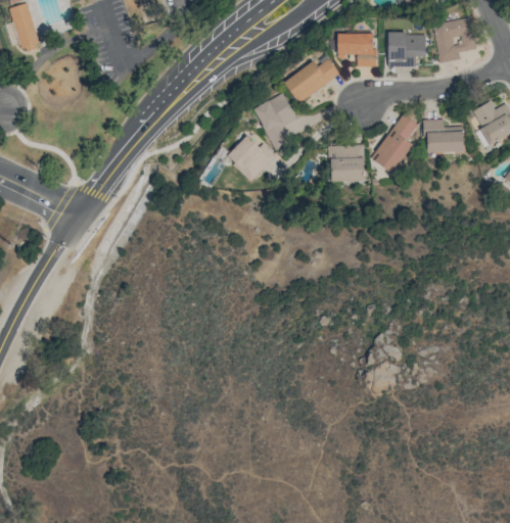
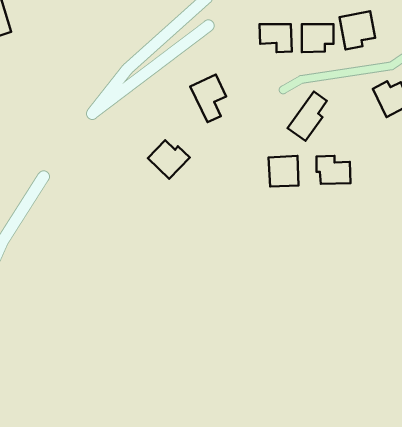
building: [284,58,340,103] -> none
building: [423,118,464,152] -> [316,156,351,184]
building: [227,135,277,181] -> [148,140,190,179]
building: [329,144,365,181] -> [269,156,298,187]

